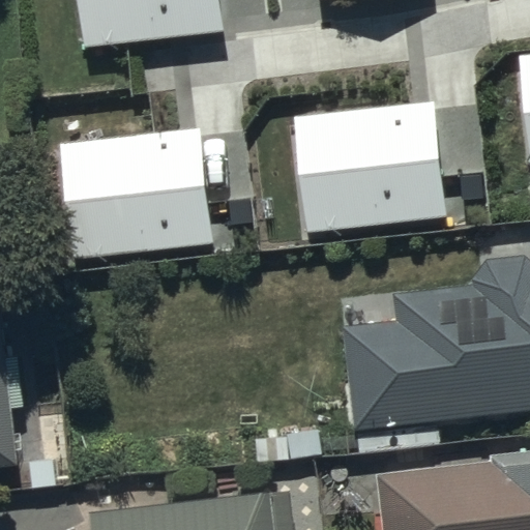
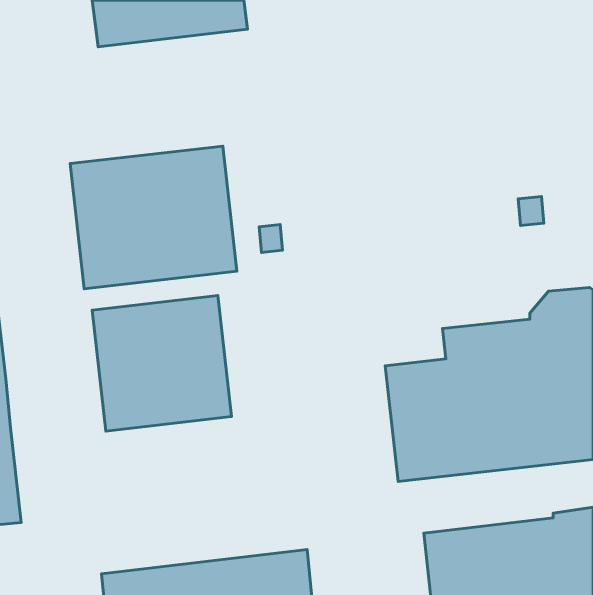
building: [297,105,444,230] -> none
building: none -> [92,295,232,431]

